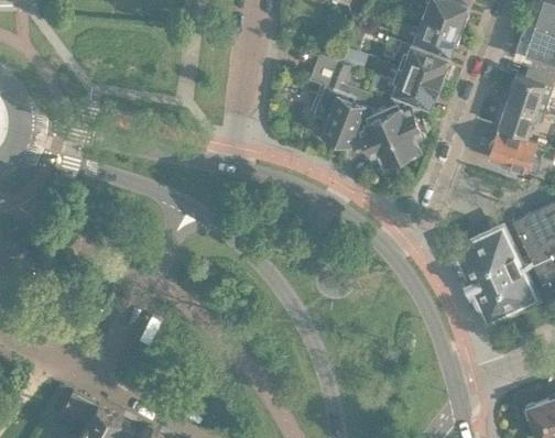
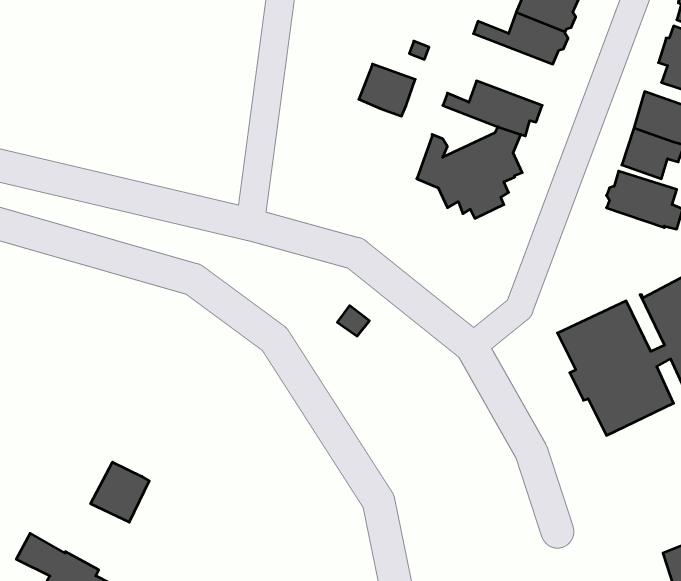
building: [388,40,447,86] -> none
building: [315,86,367,145] -> none
building: none -> [91,462,149,522]

